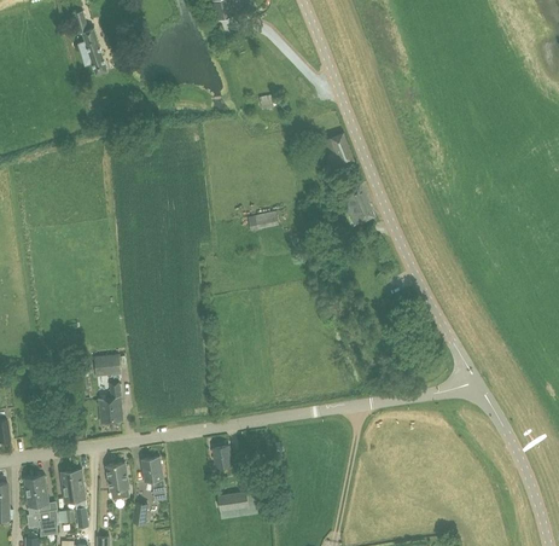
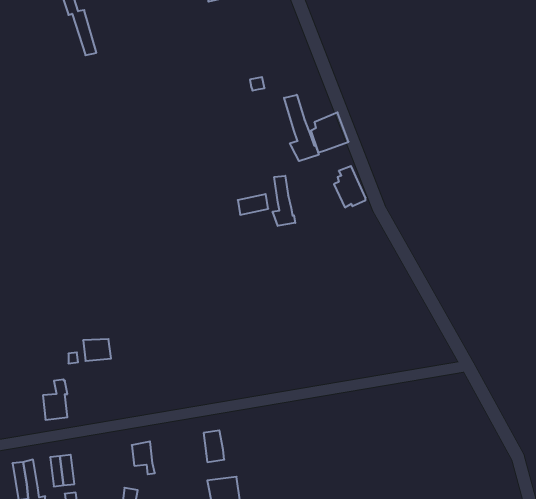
building: none -> [284,95,319,161]
building: none -> [273,176,295,226]
building: [98,383,122,423] -> [43,379,67,420]
building: [106,463,129,498] -> none

